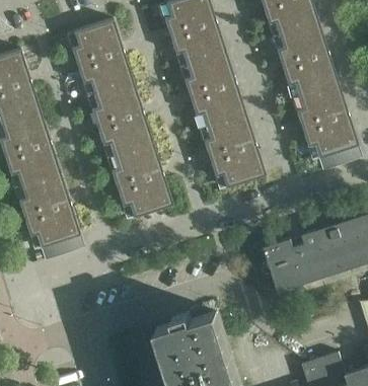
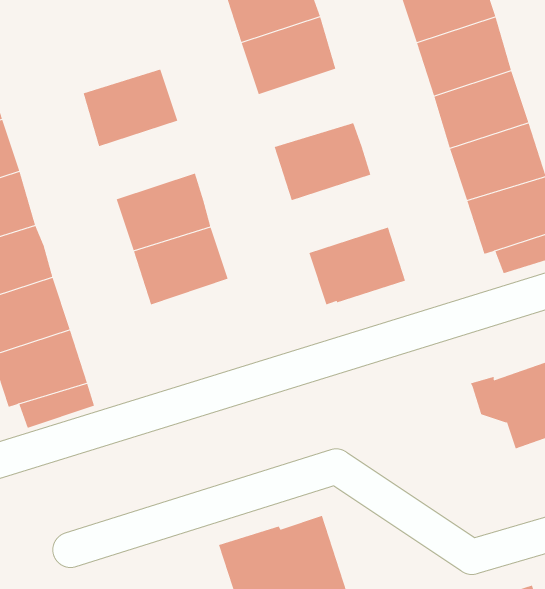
building: [67,20,123,66] -> none
building: [179,52,235,97] -> none
building: [86,82,143,128] -> none
building: [199,113,255,159] -> none
building: [117,174,172,220] -> none
building: [265,237,329,290] -> none

